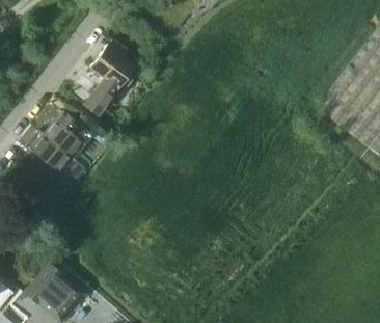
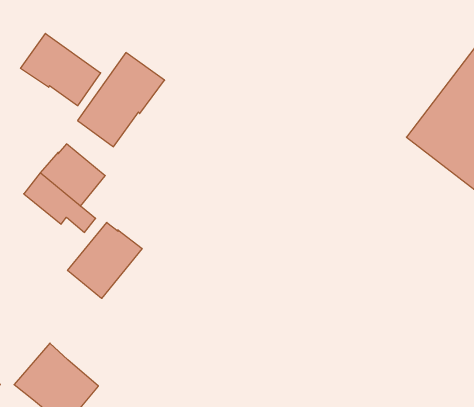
building: none -> [21,33,101,106]
building: none -> [68,222,142,298]

